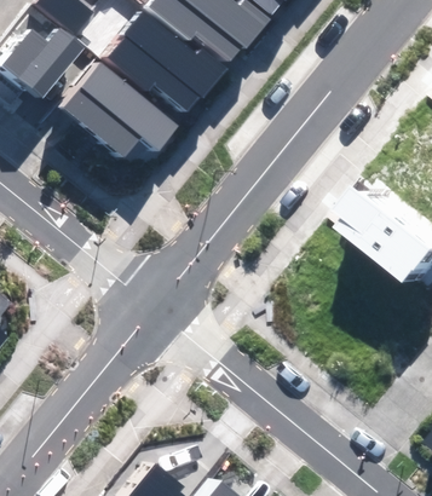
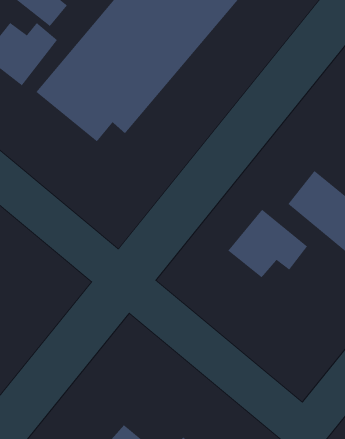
building: none -> [228,209,308,278]

